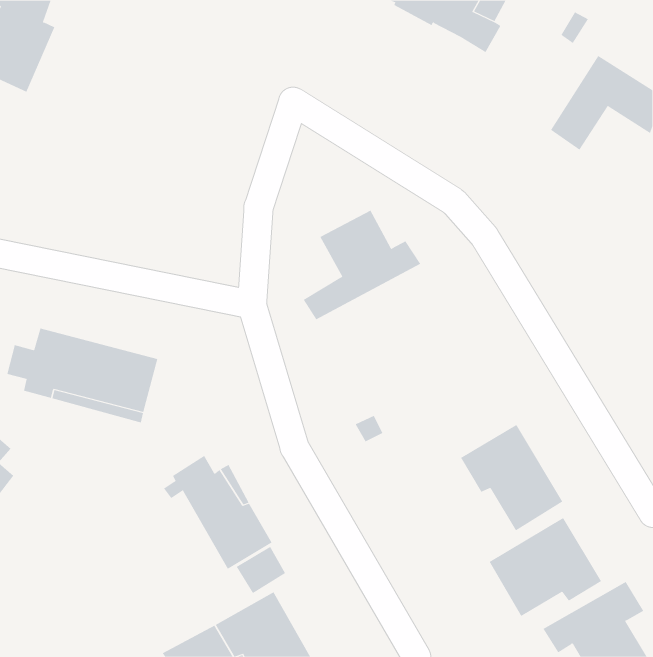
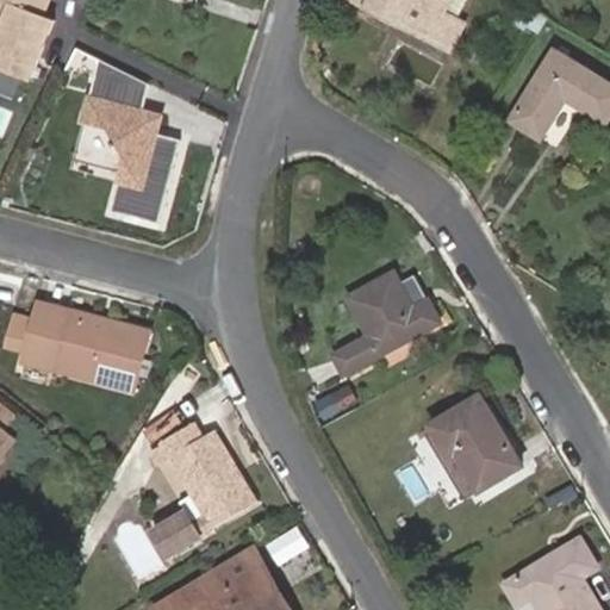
building: none -> [75,61,174,224]
building: [303,210,421,320] -> [330,272,440,374]
building: [489,517,602,617] -> none
building: [236,546,286,594] -> [151,512,198,556]

